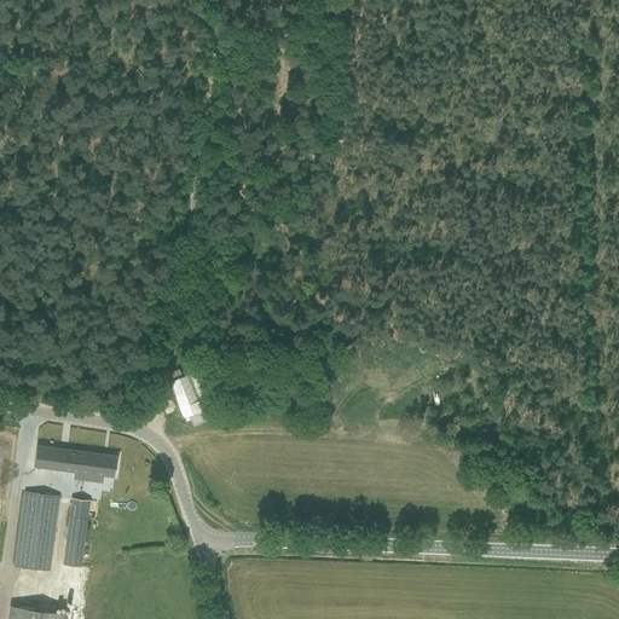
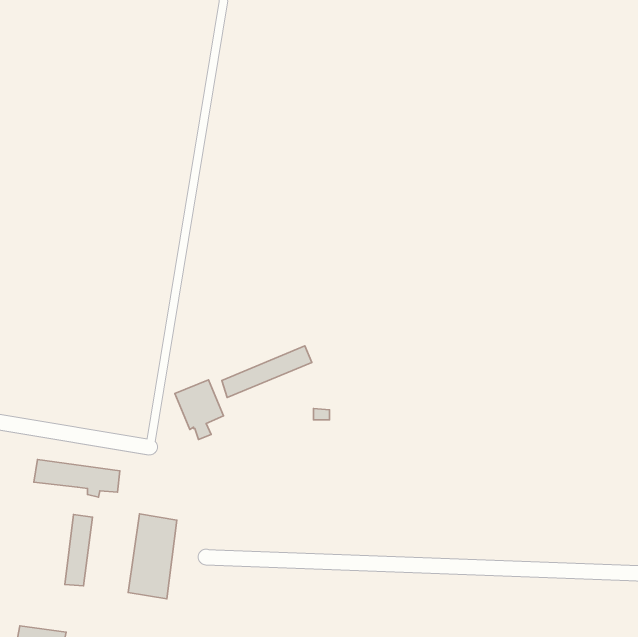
building: none -> [222,346,312,397]
building: [13,491,60,573] -> [128,514,177,599]

